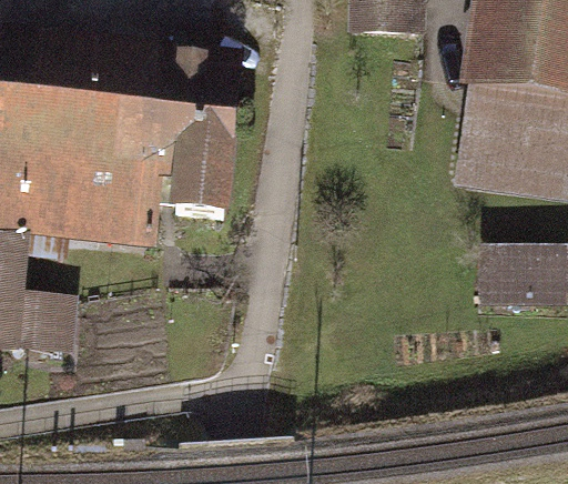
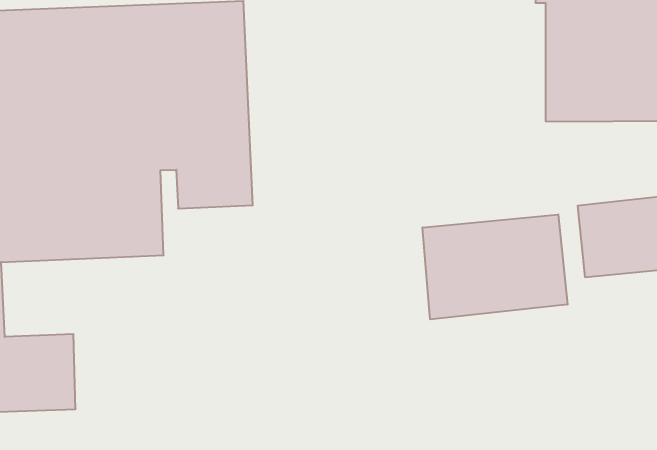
building: none -> [423,214,568,319]

